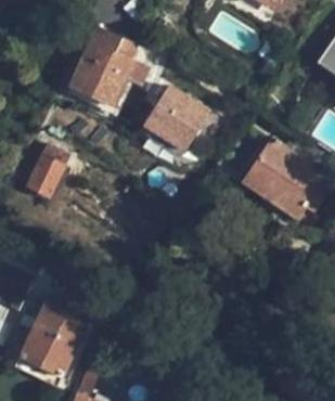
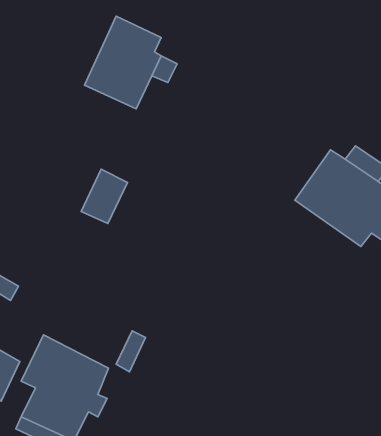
building: [140,82,211,154] -> none
building: [25,152,63,196] -> [81,169,128,223]

